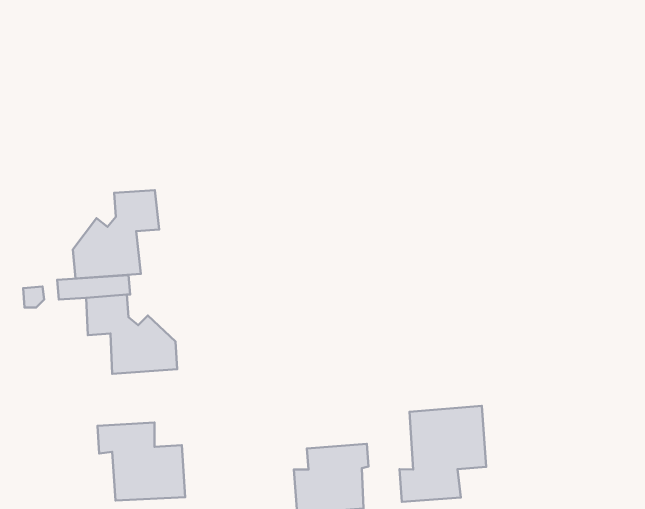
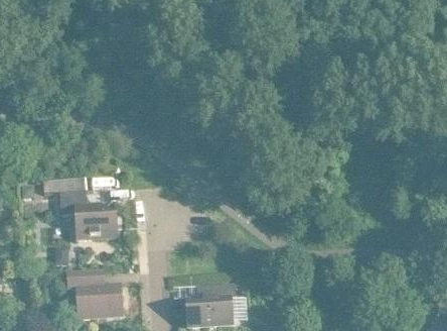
building: [73,190,159,279] -> none
building: [399,406,486,502] -> none

